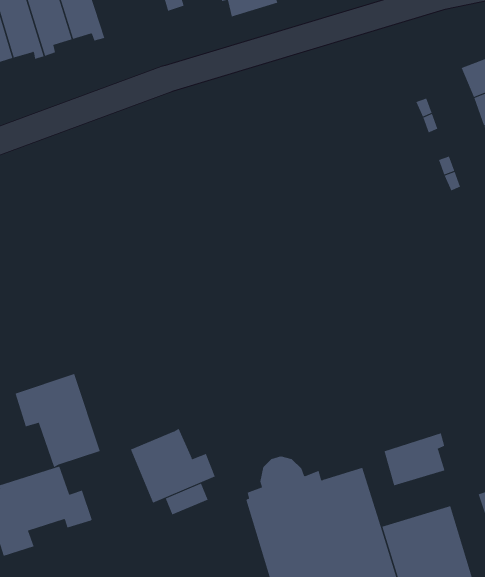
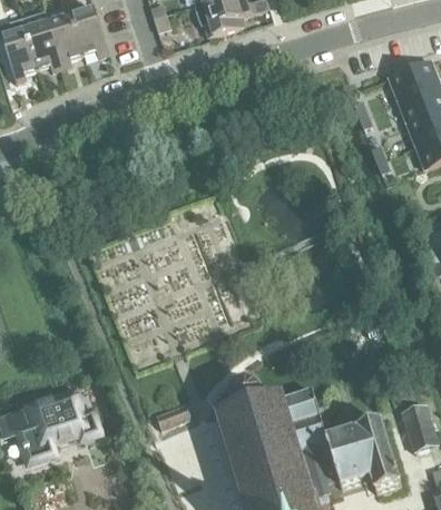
building: [15,373,100,468] -> none
building: [130,428,215,503] -> none
building: [384,432,445,486] -> none

